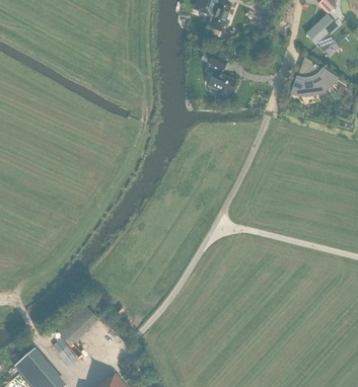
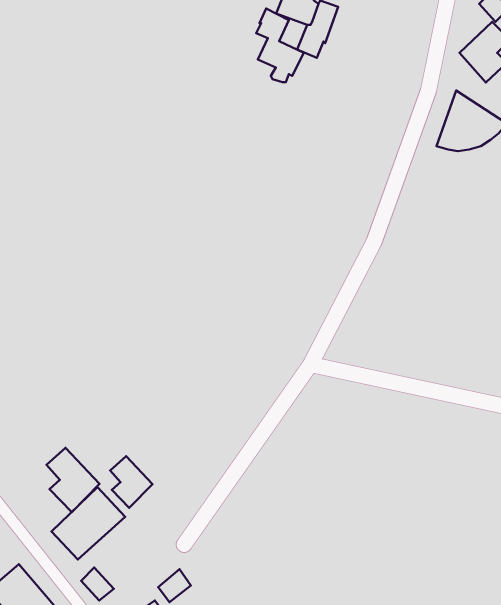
building: [207,55,236,100] -> [256,9,304,82]
building: none -> [46,448,99,512]
building: none -> [110,456,152,508]

